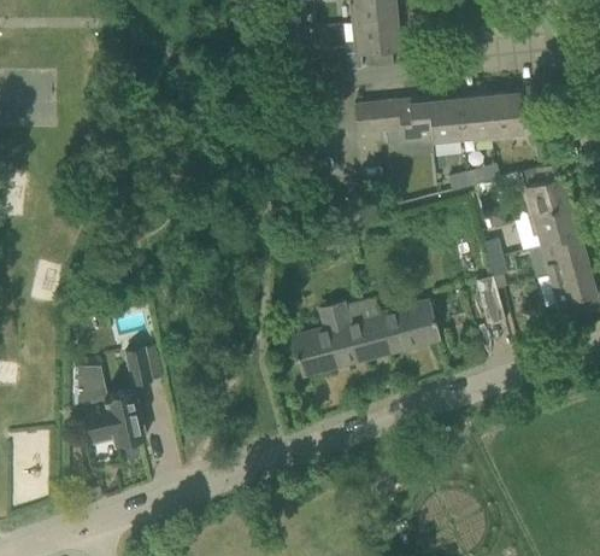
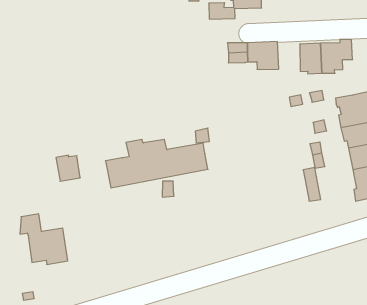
building: [425,95,461,141] -> none
building: [290,300,440,376] -> [105,139,208,188]
building: [124,346,161,385] -> [56,155,80,181]

